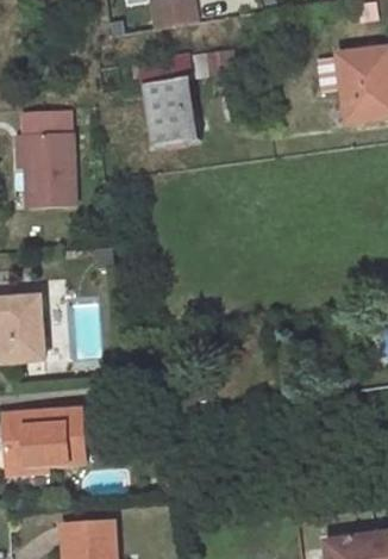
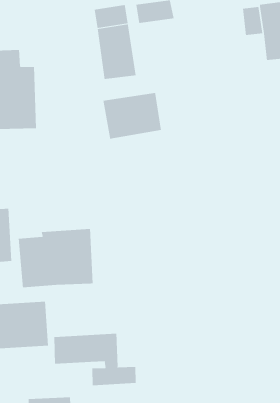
building: none -> [103,92,161,139]
building: none -> [18,228,93,288]
building: none -> [54,333,136,386]

